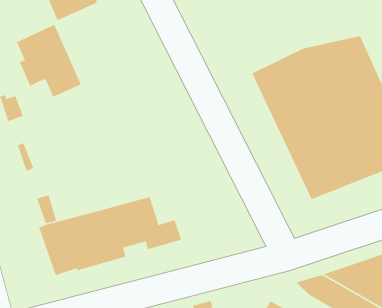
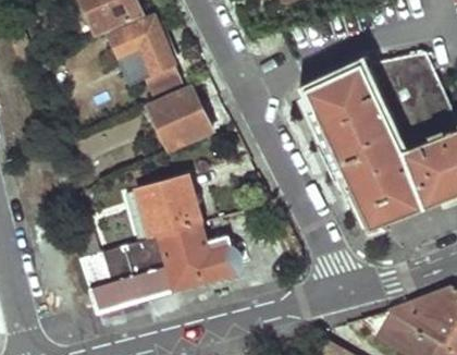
building: [16,24,82,98] -> [109,16,181,97]
building: none -> [147,86,209,150]
building: none -> [120,178,197,242]

